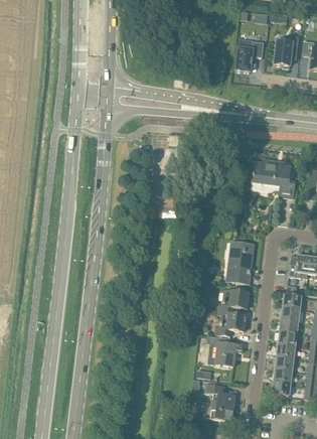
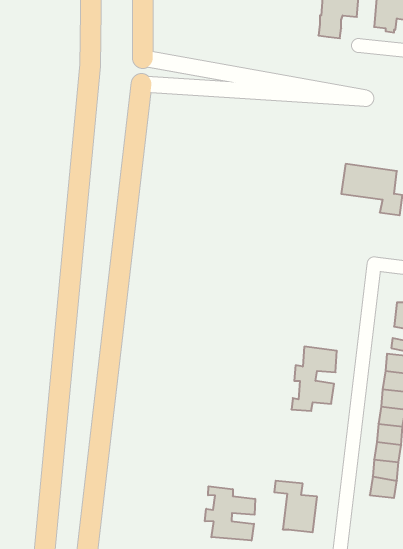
building: [227,241,254,282] -> none
building: [206,334,243,367] -> none
building: none -> [205,486,255,541]

